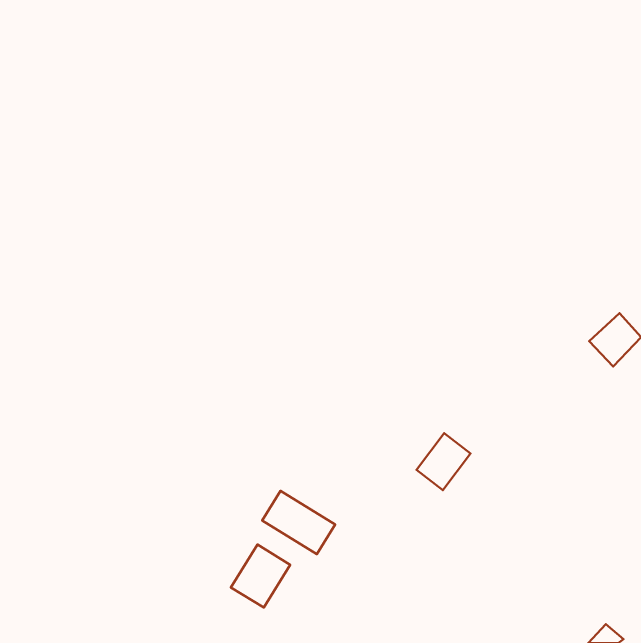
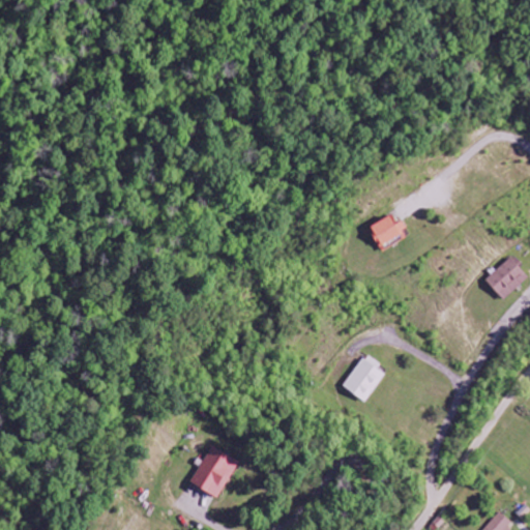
building: none -> [369,214,403,247]
building: [262,491,335,554] -> none

